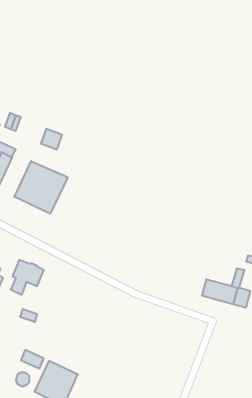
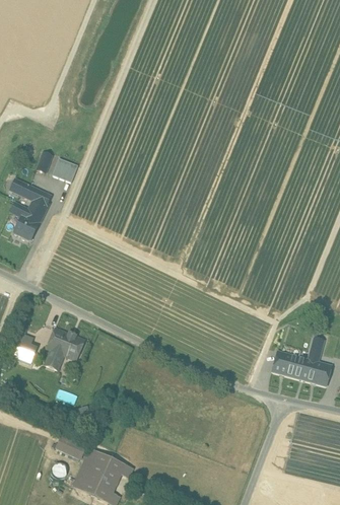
building: [41,129,62,149] -> [53,157,78,182]
building: [14,161,68,214] -> none

